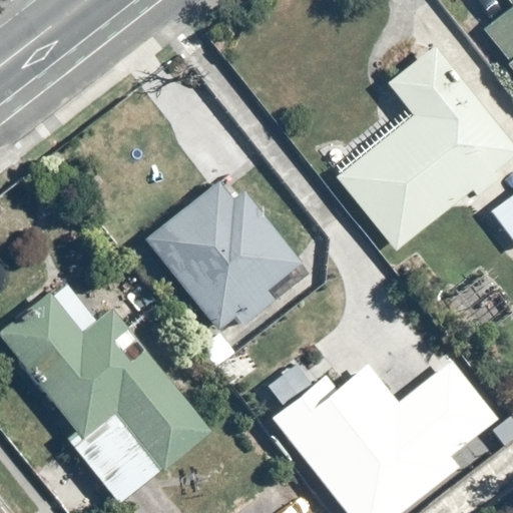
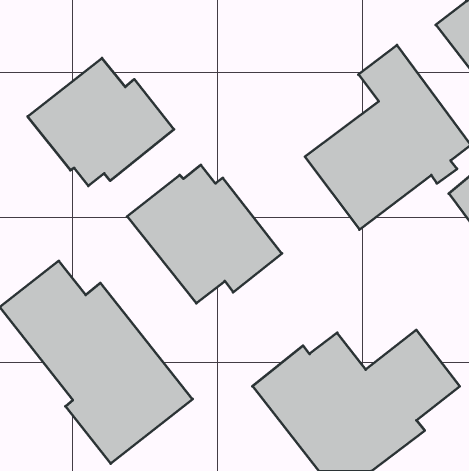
building: none -> [28,58,174,186]

